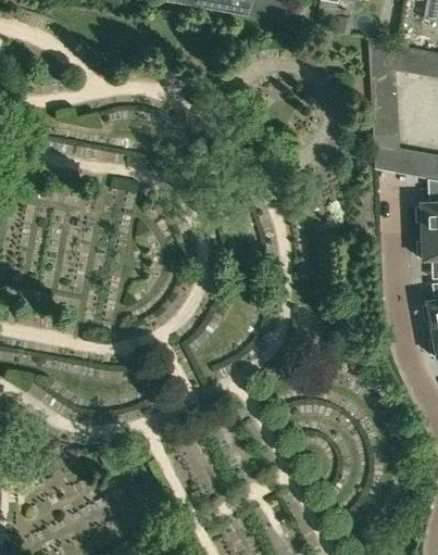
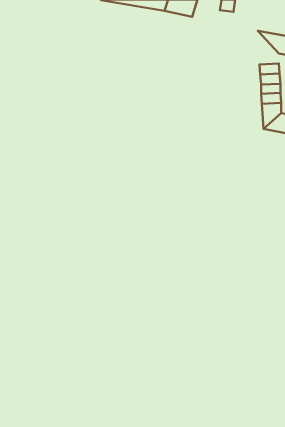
building: [370,40,397,84] -> none

